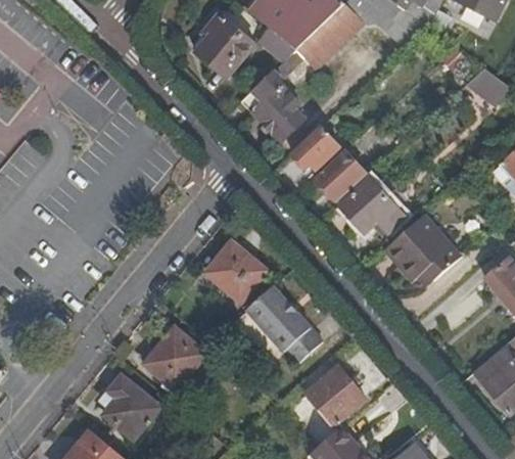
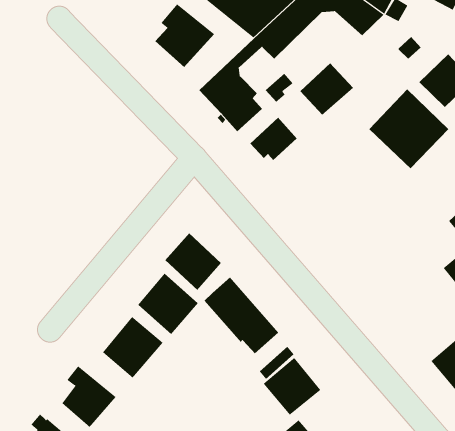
building: [314,148,368,201] -> [300,62,354,116]
building: [340,178,404,233] -> none
building: [386,212,467,292] -> [368,88,449,169]
building: none -> [137,273,198,335]

